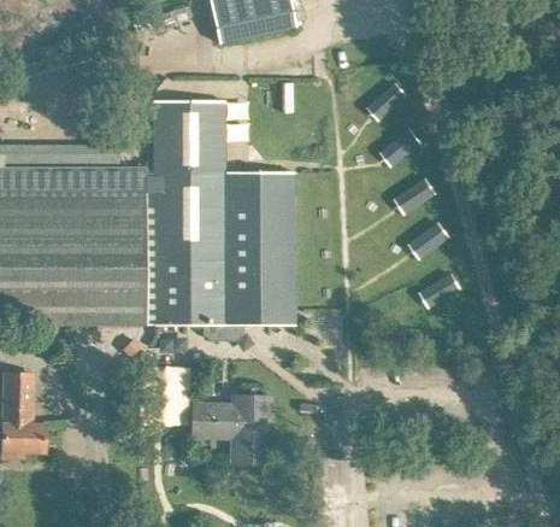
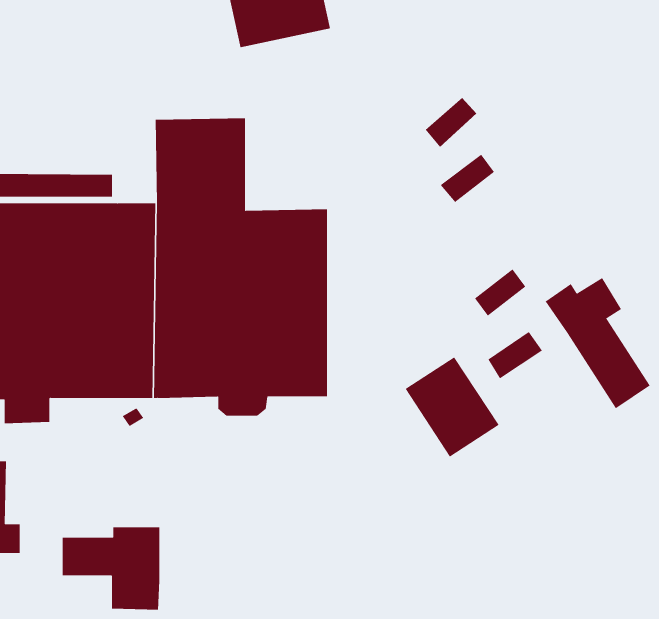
building: [394,175,438,213] -> none
building: none -> [545,277,650,409]
building: none -> [405,356,499,457]
building: [191,397,271,464] -> [62,527,160,610]

